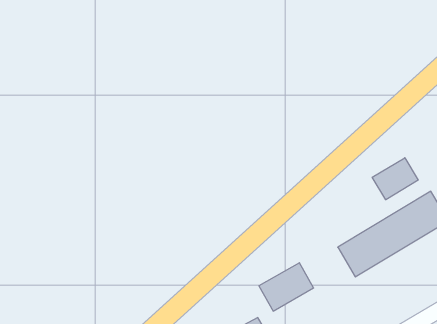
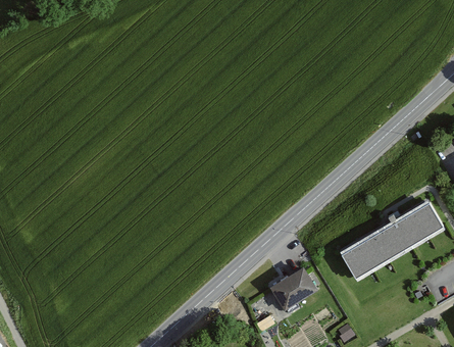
building: [372,158,418,200] -> none

